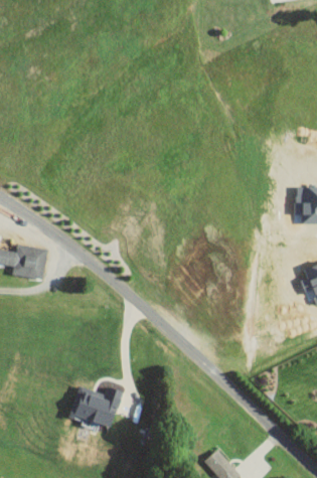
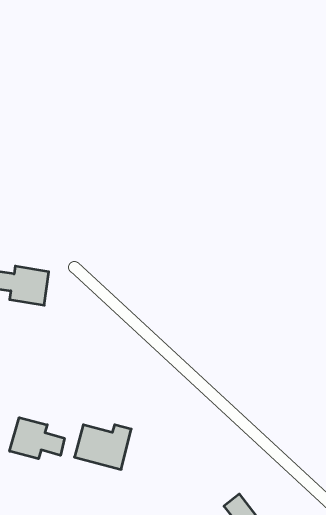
building: none -> [10,418,64,459]

